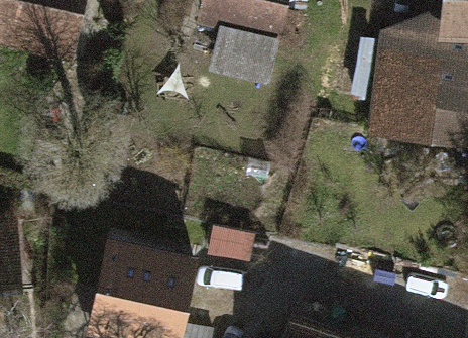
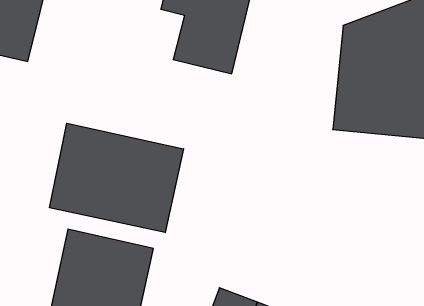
building: none -> [50,123,184,233]

